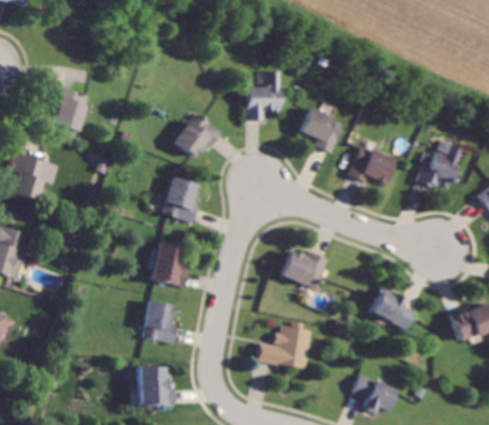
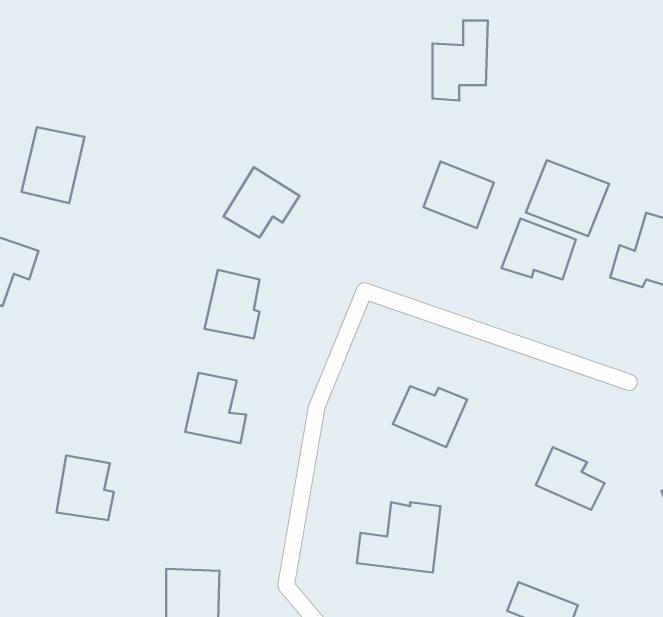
building: [248,70,283,120] -> [433,21,488,100]
building: none -> [526,160,609,236]
building: [143,300,179,341] -> [57,456,114,520]

